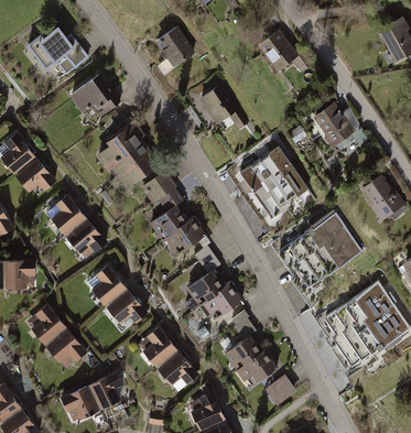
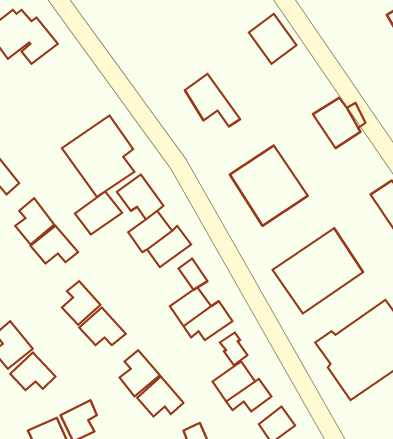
building: [154,26,197,67] -> none
building: [69,74,122,121] -> none
building: none -> [75,191,122,235]

